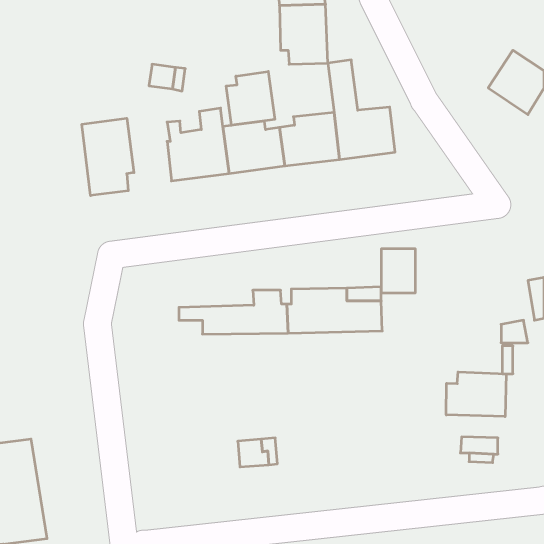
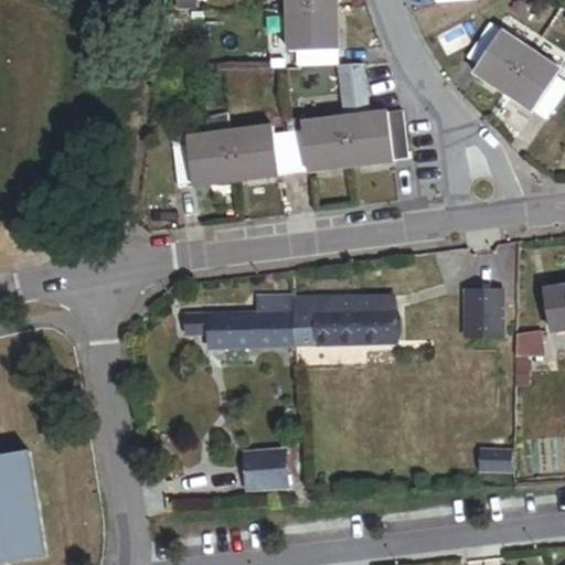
building: none -> [466,24,529,90]
building: [226,71,275,125] -> none
building: [82,118,134,196] -> none
building: [381,249,415,293] -> [468,289,503,334]
building: [446,372,506,417] -> none

